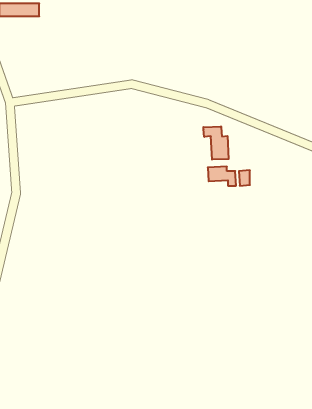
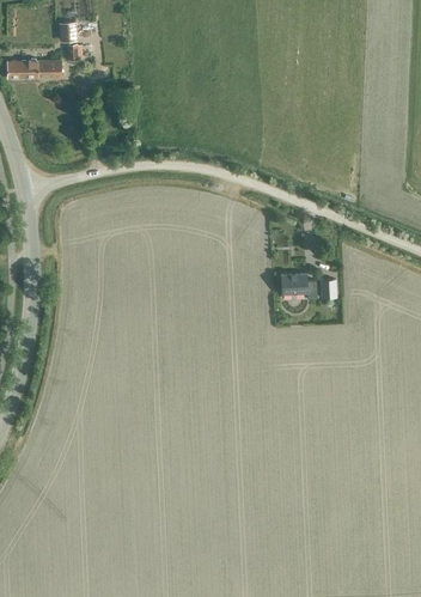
building: [203,126,229,160] -> none

